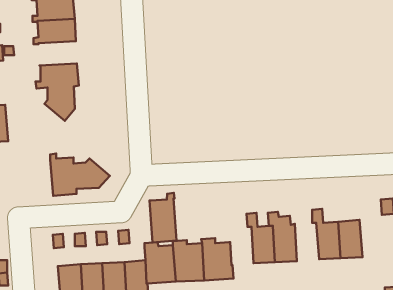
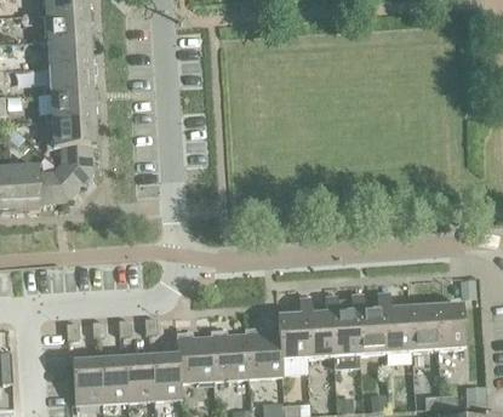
building: none -> [44,90,95,120]
building: [50,154,110,196] -> [8,159,80,210]
building: [150,193,176,242] -> none
building: none -> [350,293,385,354]
building: none -> [434,303,464,349]
building: none -> [276,313,307,359]

